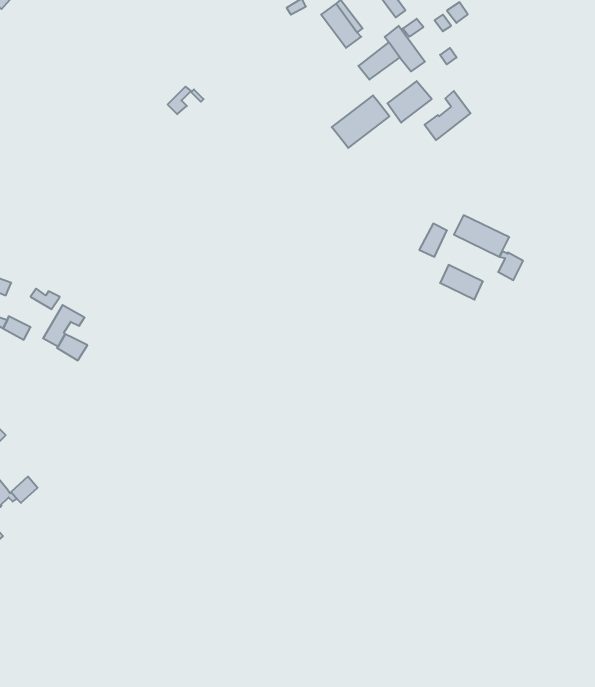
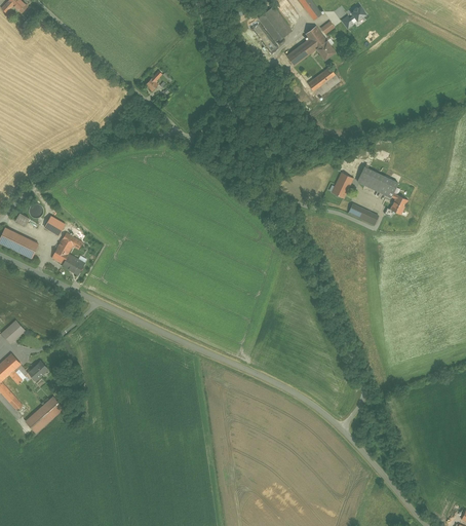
building: [425,91,471,140] -> none
building: [332,95,389,148] -> none
building: none -> [26,396,63,431]

